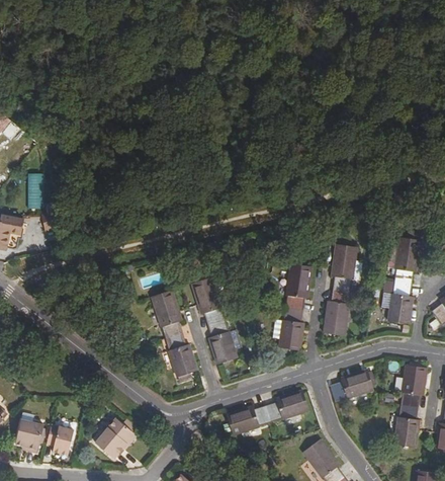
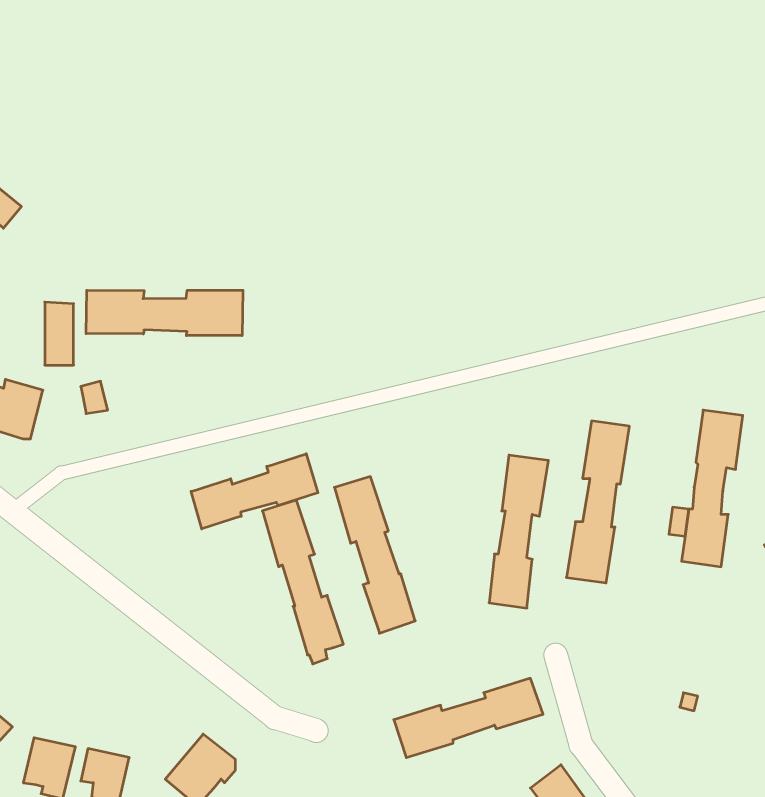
building: none -> [86,290,243,336]
building: none -> [191,454,318,529]
building: [393,364,427,446] -> none
building: [329,367,373,398] -> none

